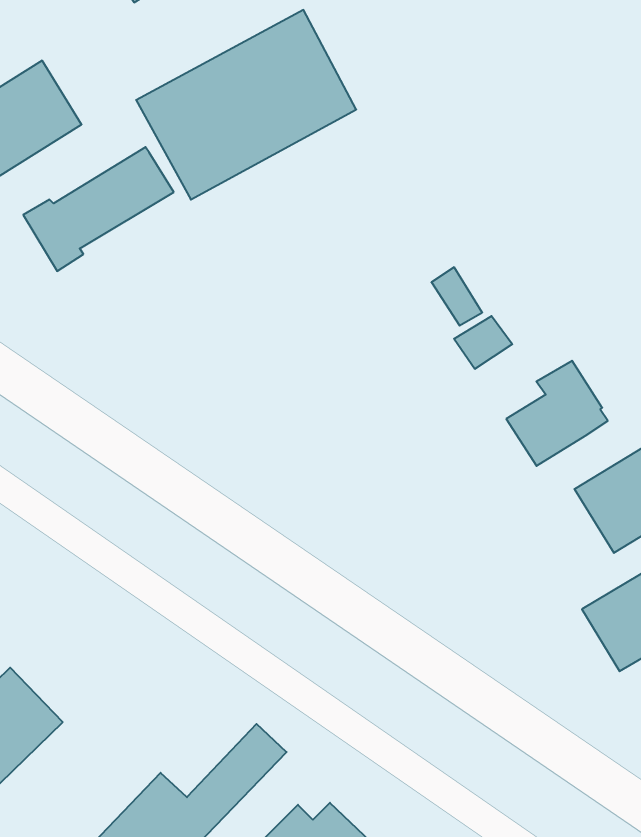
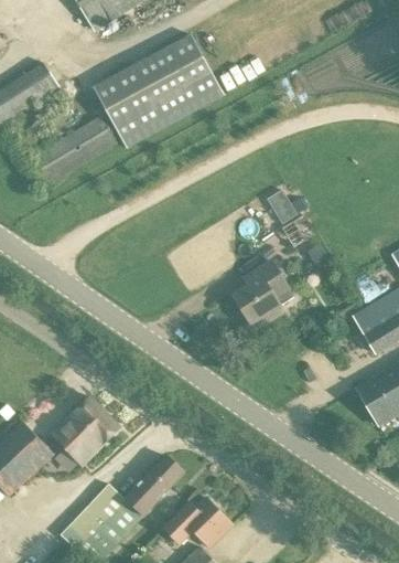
building: [506,361,608,466] -> [233,262,292,323]
building: none -> [51,396,119,465]

